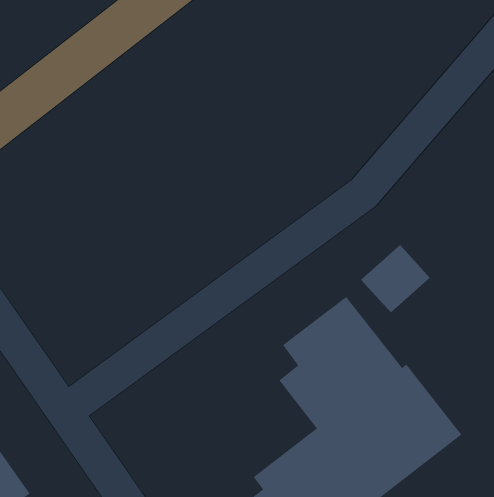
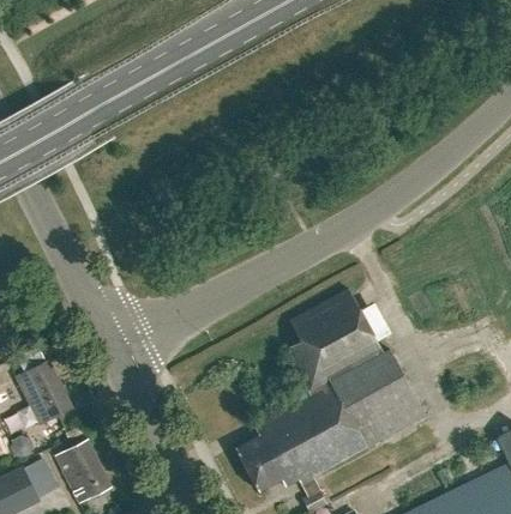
building: [360,244,430,313] -> none

